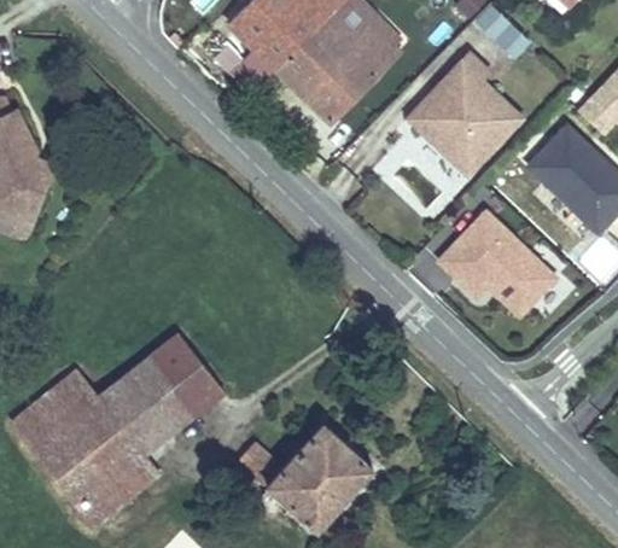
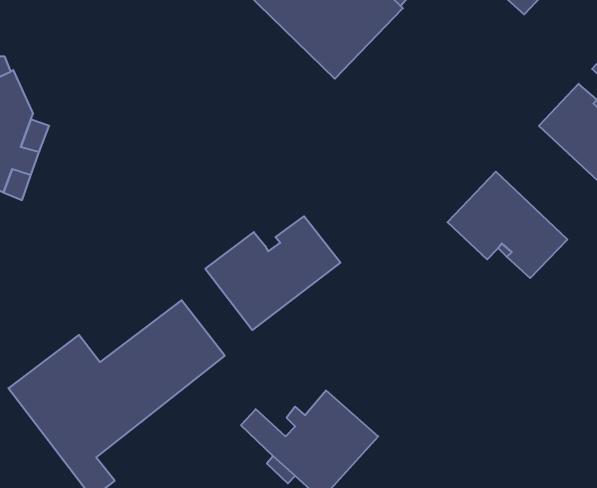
building: [390,49,523,192] -> none
building: none -> [205,216,340,330]
building: [97,454,159,512] -> none

